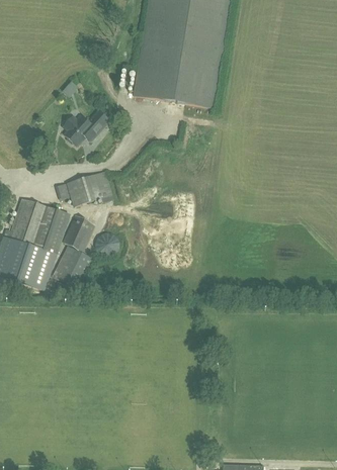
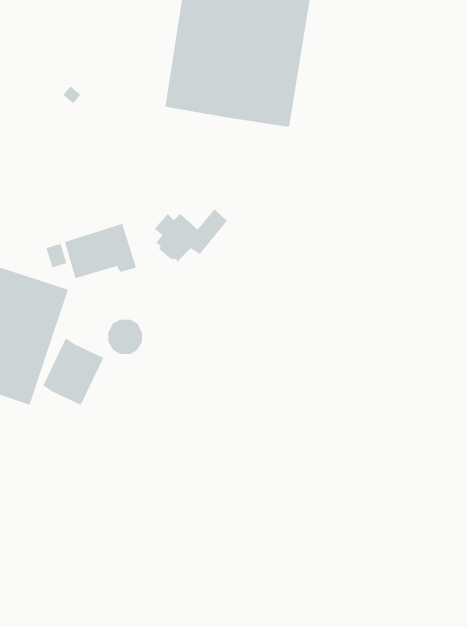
building: [61,111,109,147] -> [154,209,228,263]
building: [62,214,93,251] -> none

